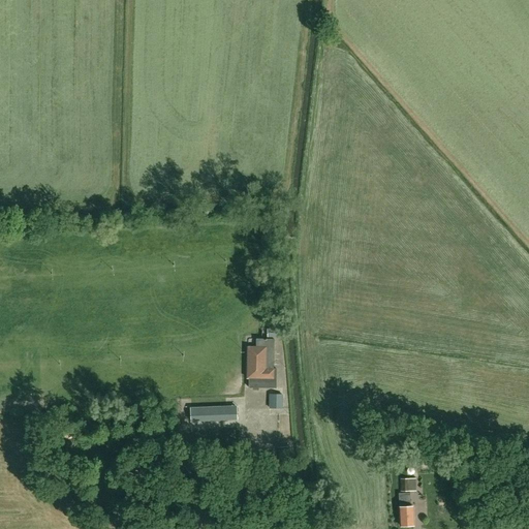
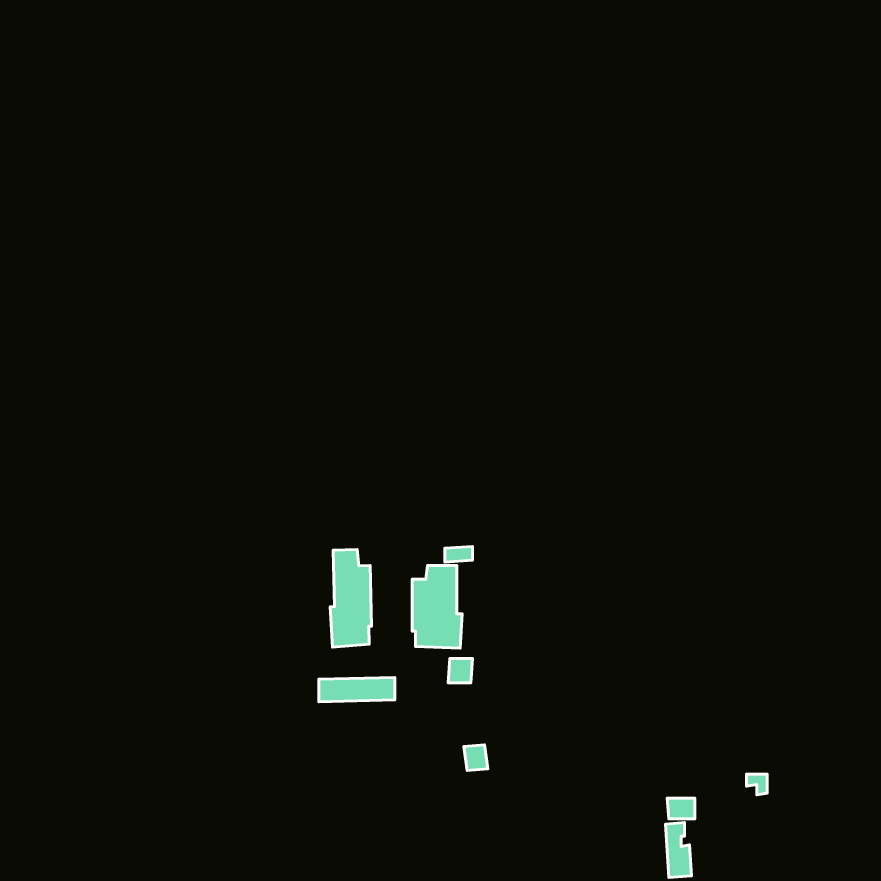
building: none -> [330,550,372,647]

